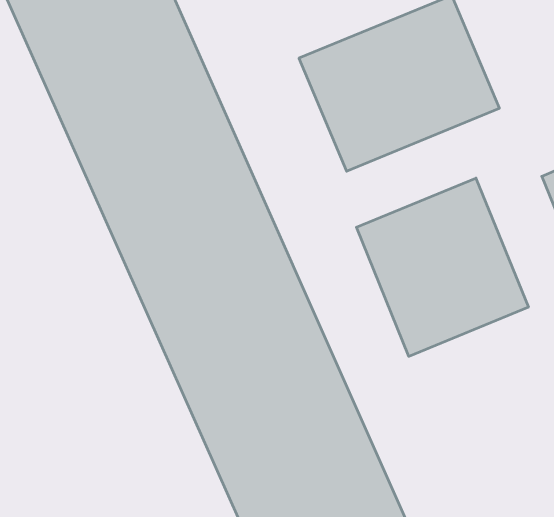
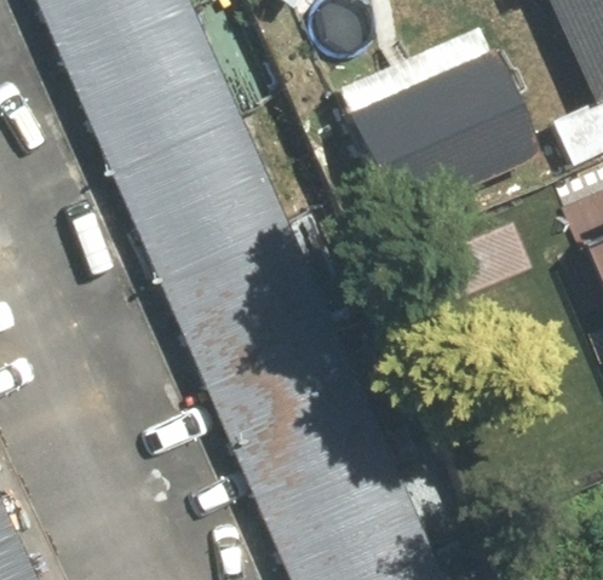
building: [356,178,528,356] -> none

